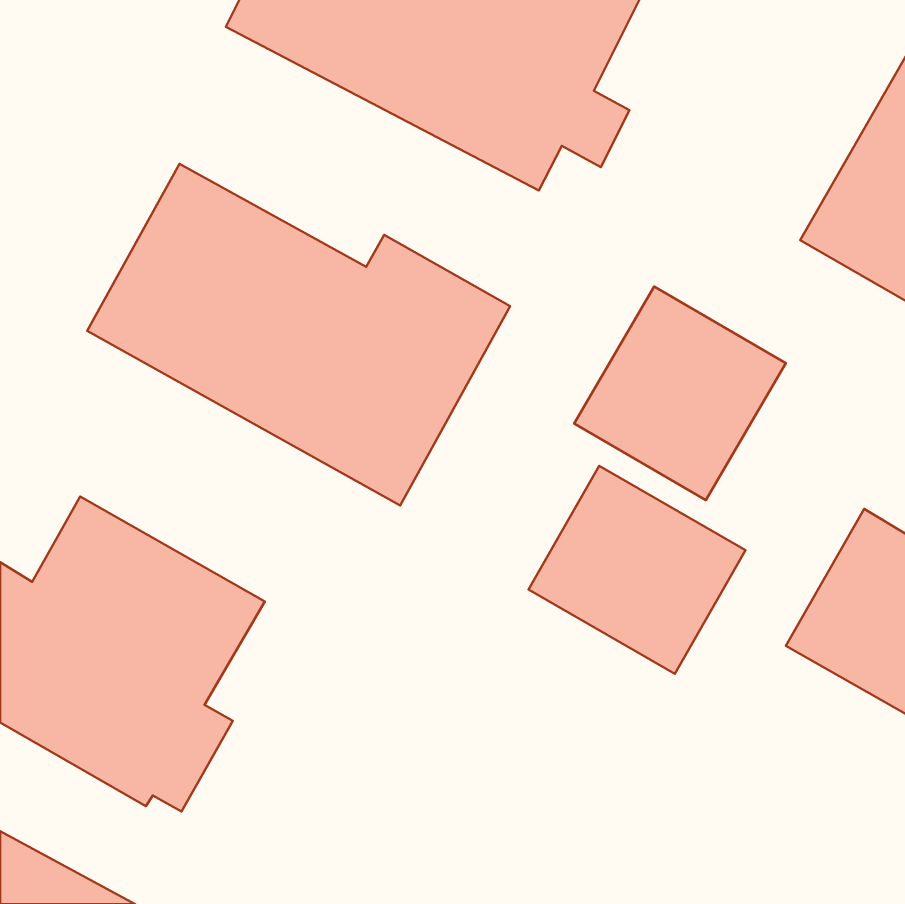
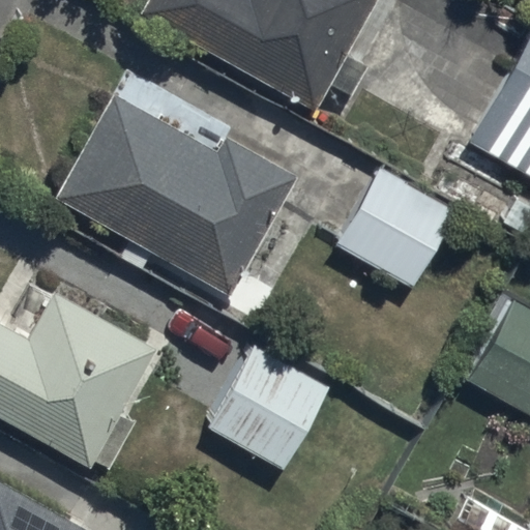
building: [528,466,746,674] -> none
building: none -> [199,342,331,473]

